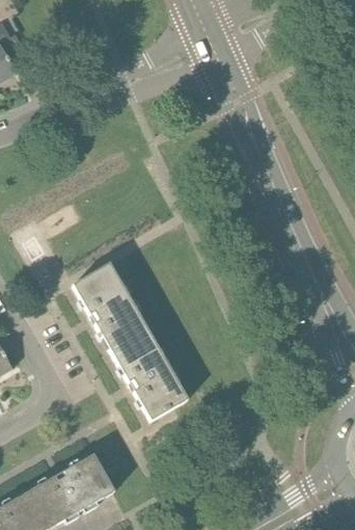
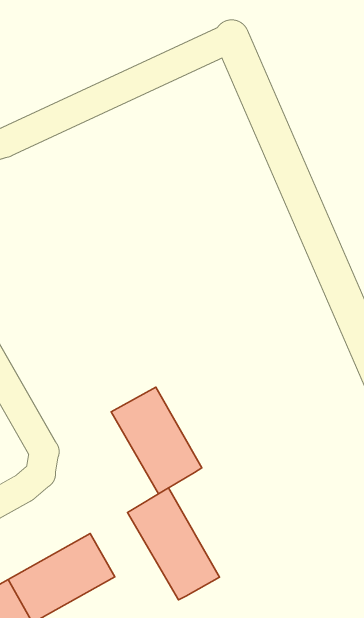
building: [73,263,149,352] -> none
building: none -> [128,488,220,600]

